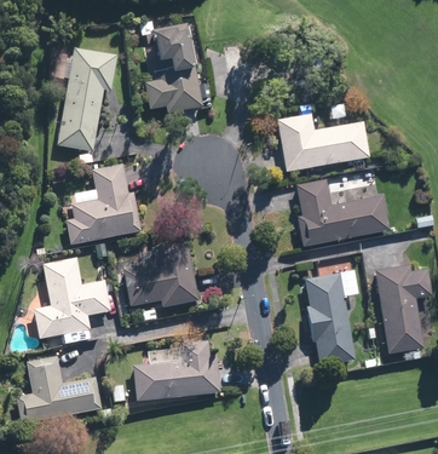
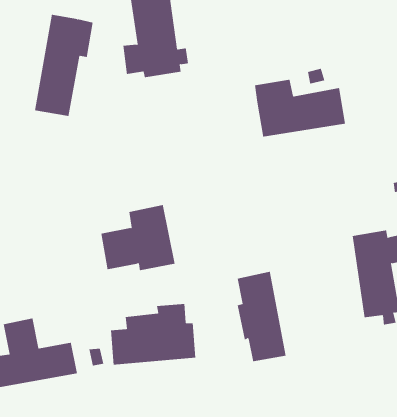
building: [65,165,150,245] -> none
building: [294,178,386,247] -> none
building: [34,258,105,338] -> none
building: [304,274,353,364] -> [237,271,286,362]

